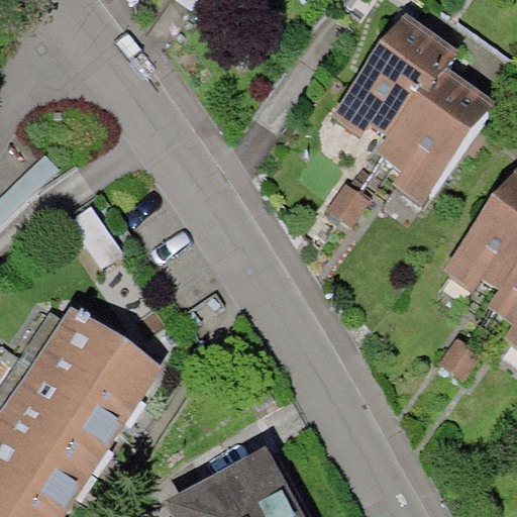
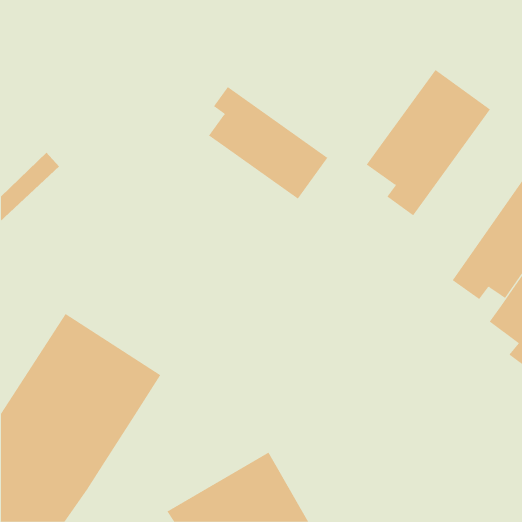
building: [324,18,444,141] -> none
building: none -> [208,86,328,200]

